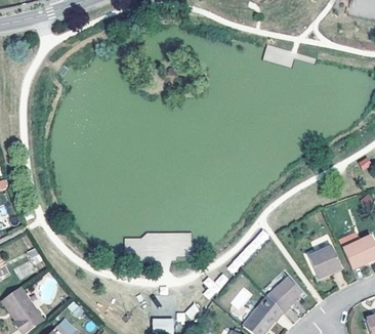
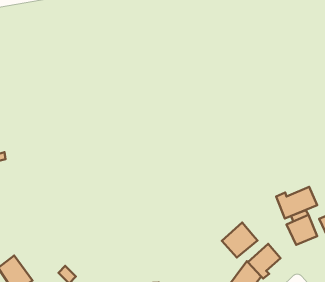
building: none -> [276,187,317,219]
building: none -> [222,223,258,258]

